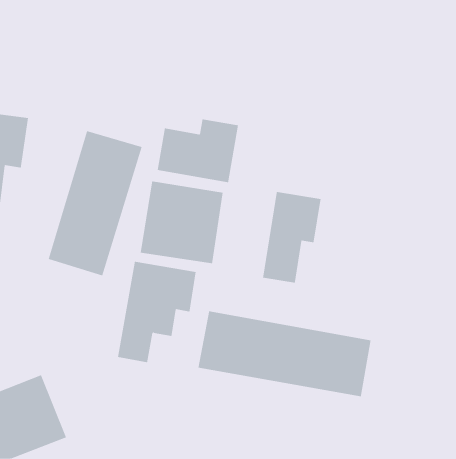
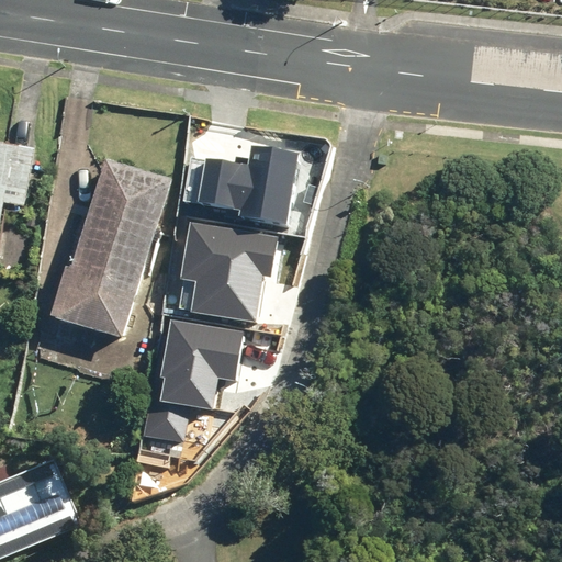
building: [263,191,321,284] -> none
building: [198,311,371,397] -> none

